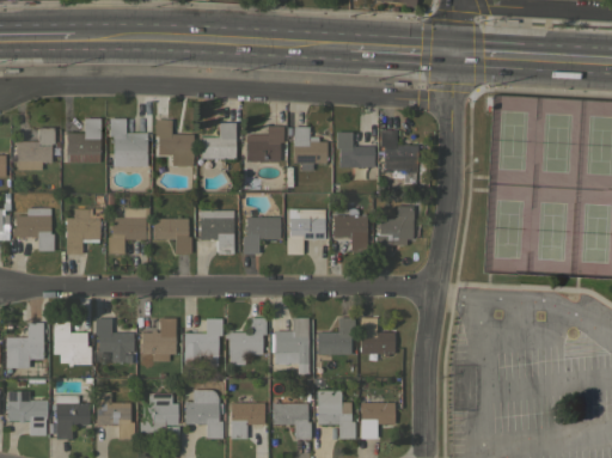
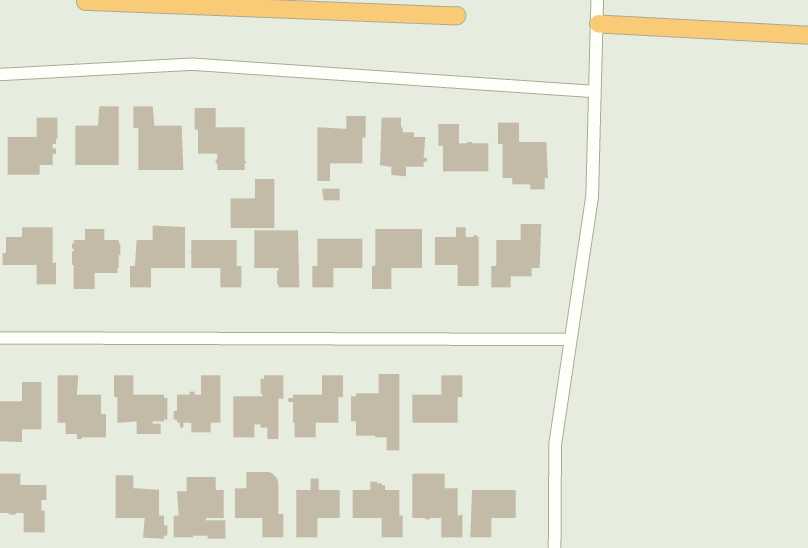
building: [202,122,235,159] -> [230,178,275,228]
building: [360,318,394,354] -> none
building: [51,395,90,439] -> none

